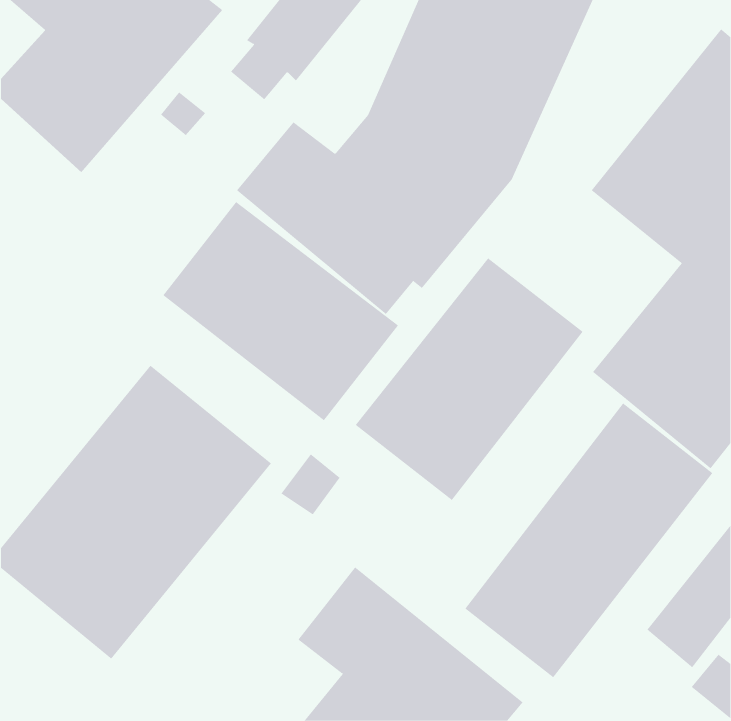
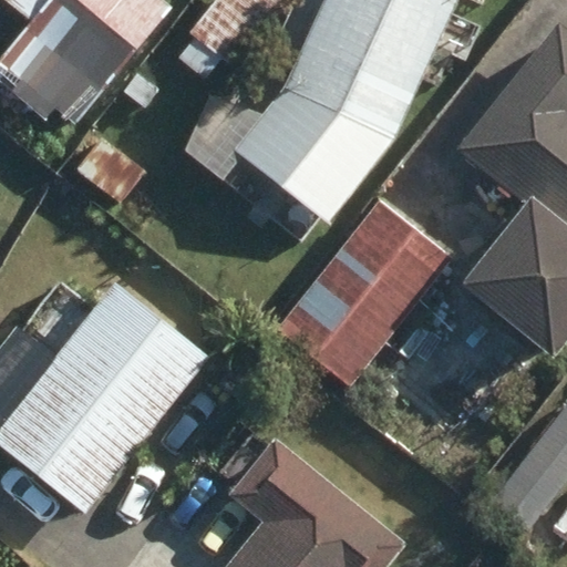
building: [162,201,399,421] -> none
building: [465,402,713,678] -> none

